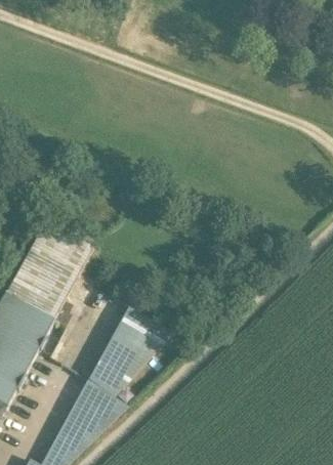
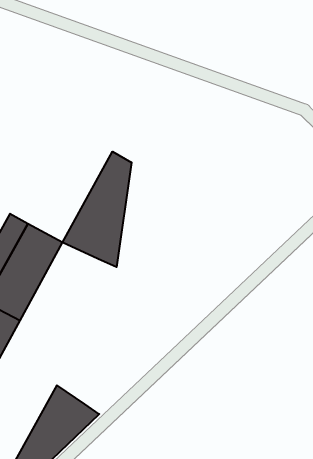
building: none -> [62,152,132,267]
building: [86,309,171,399] -> none

